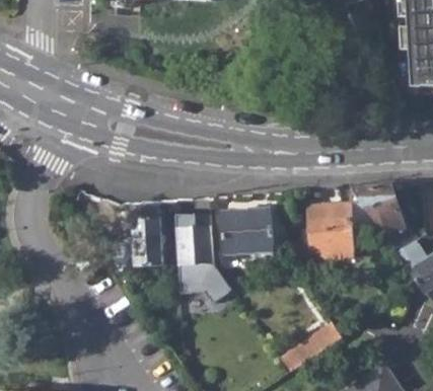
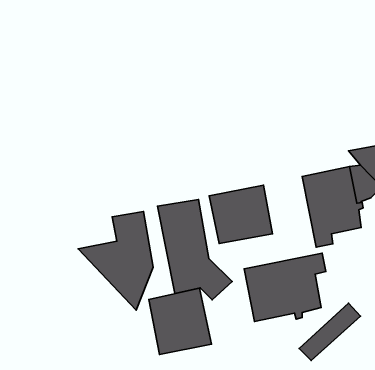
building: none -> [244,253,326,321]
building: none -> [149,288,211,355]

